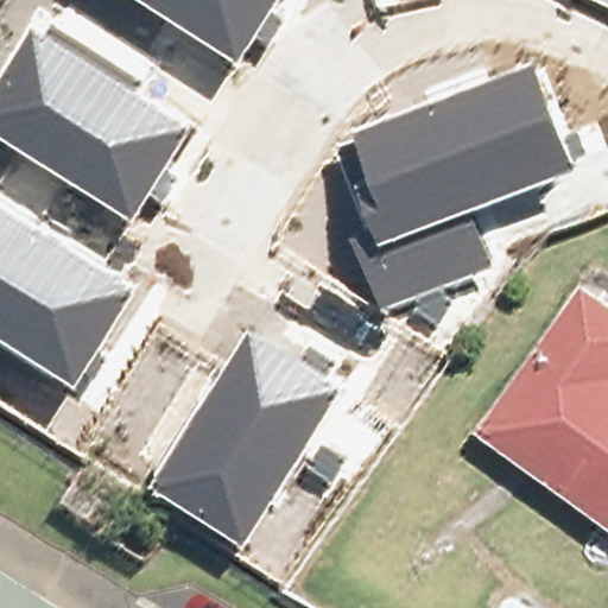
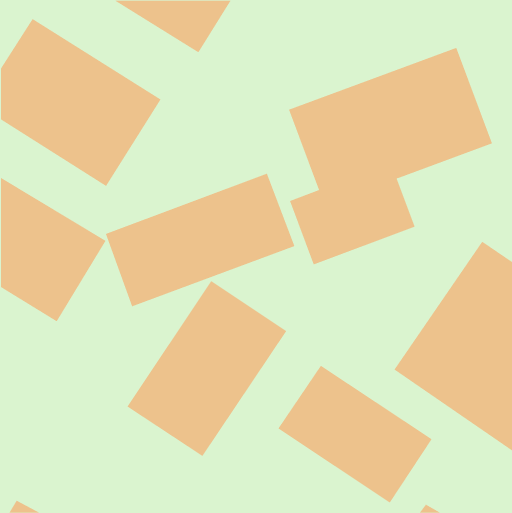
building: none -> [105,173,295,307]
building: none -> [278,365,433,504]

